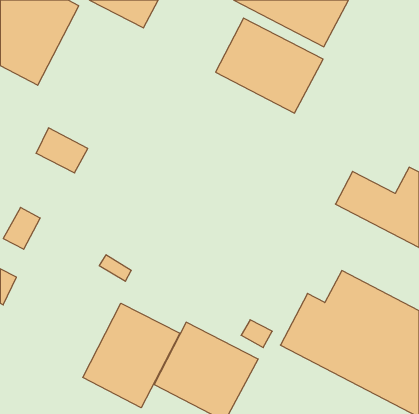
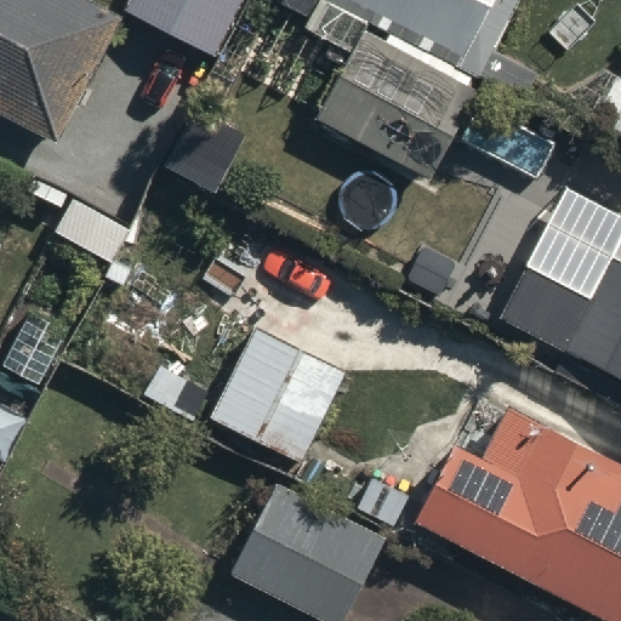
building: none -> [209,329,346,461]
building: [83,303,180,408] -> none

